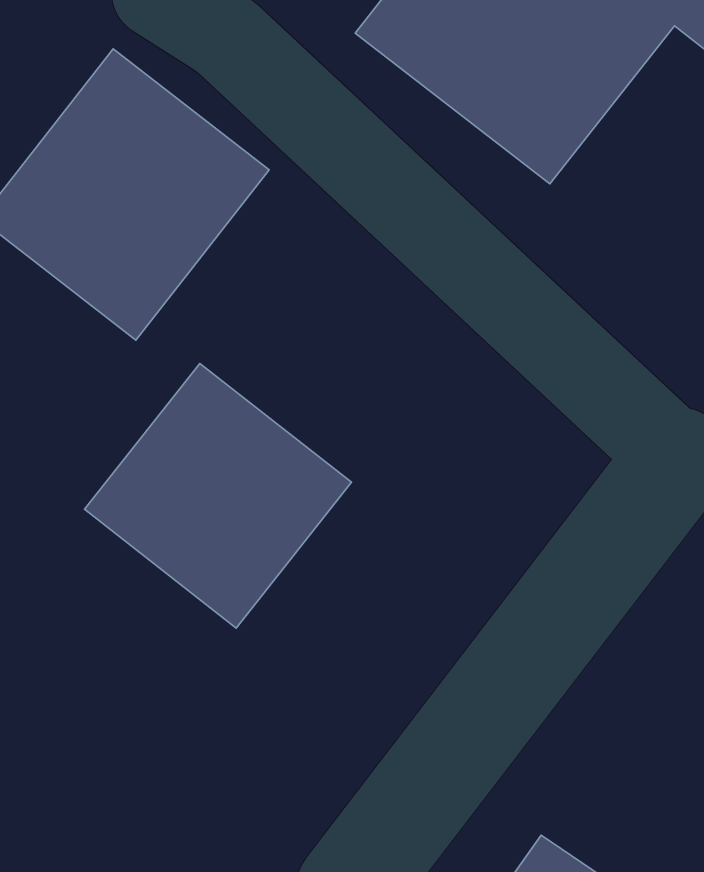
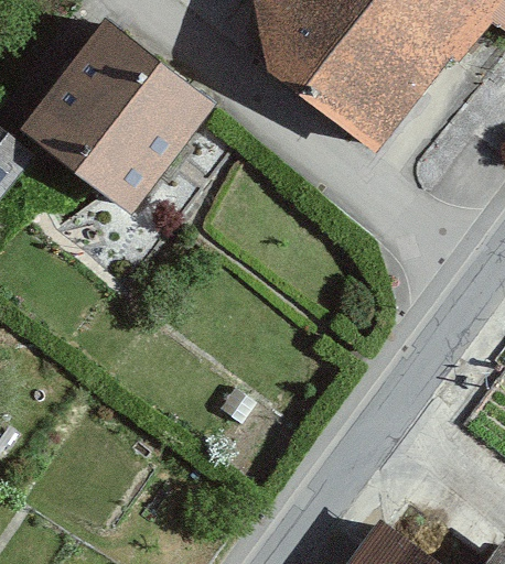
building: [85,364,351,628] -> none

